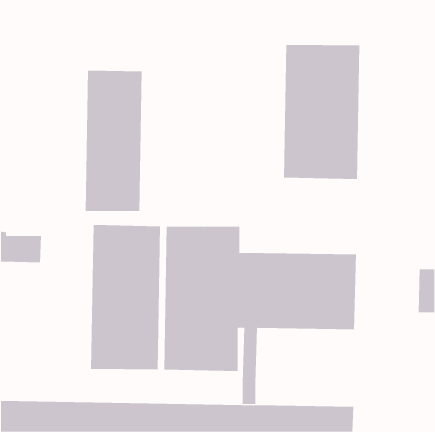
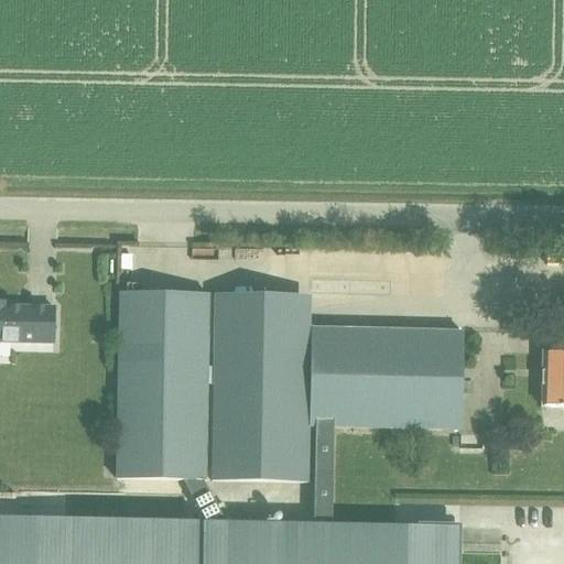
building: [284,44,360,180] -> none
building: [85,70,142,212] -> none

